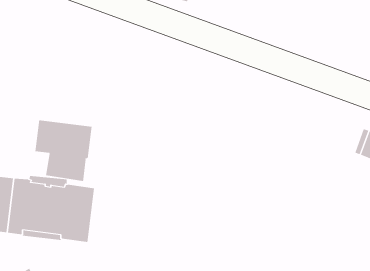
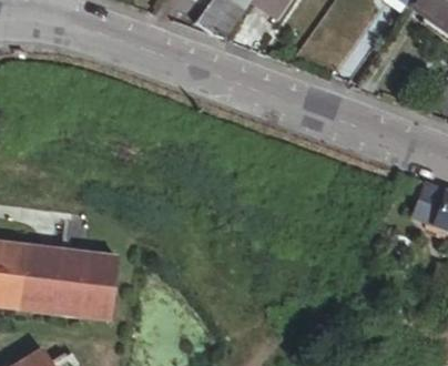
building: [35,119,92,182] -> none

